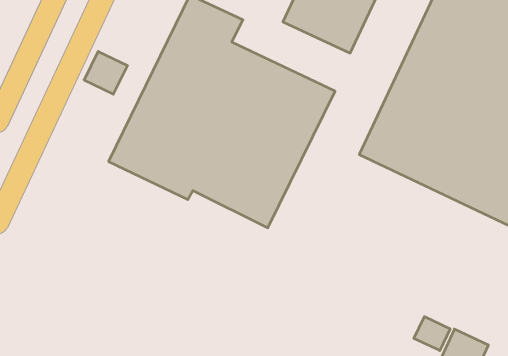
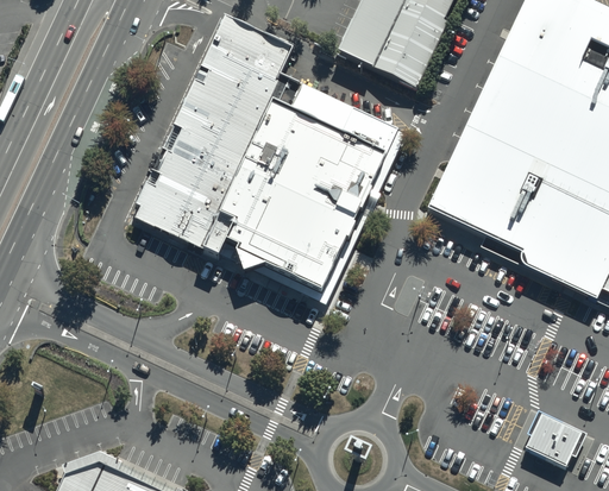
building: [84,51,127,94] -> none
building: [414,317,450,351] -> none

